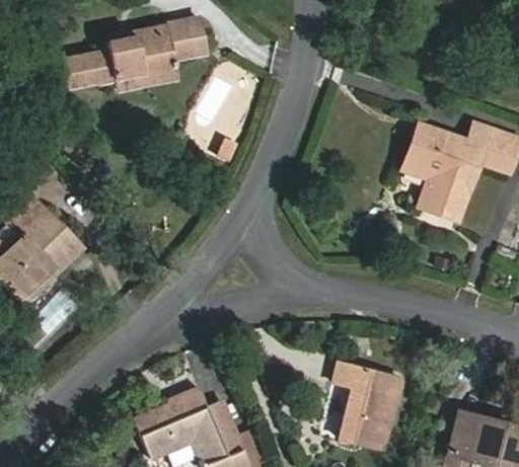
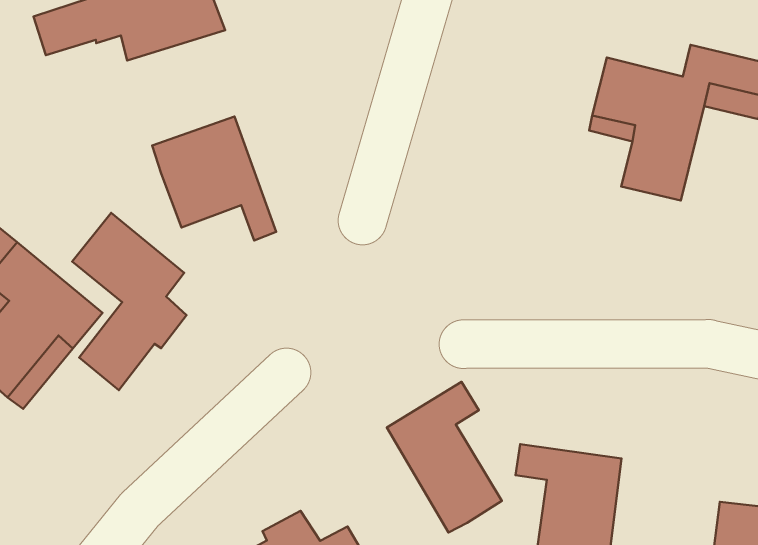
building: none -> [152,117,276,241]
building: none -> [72,213,187,390]
building: none -> [387,382,502,533]

